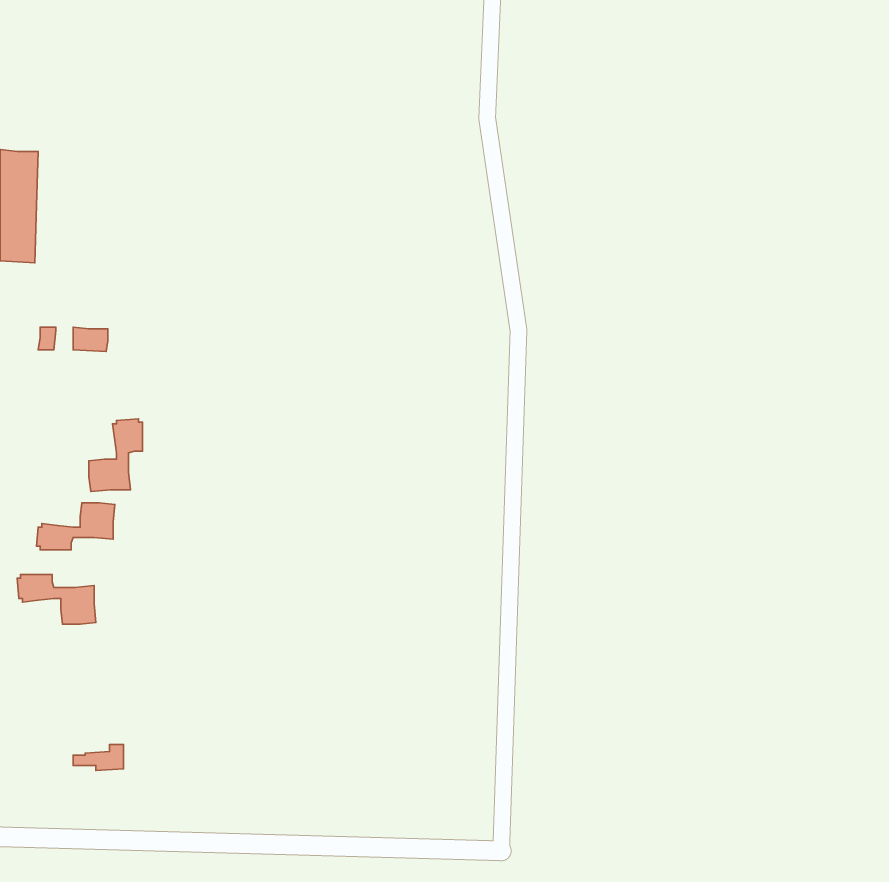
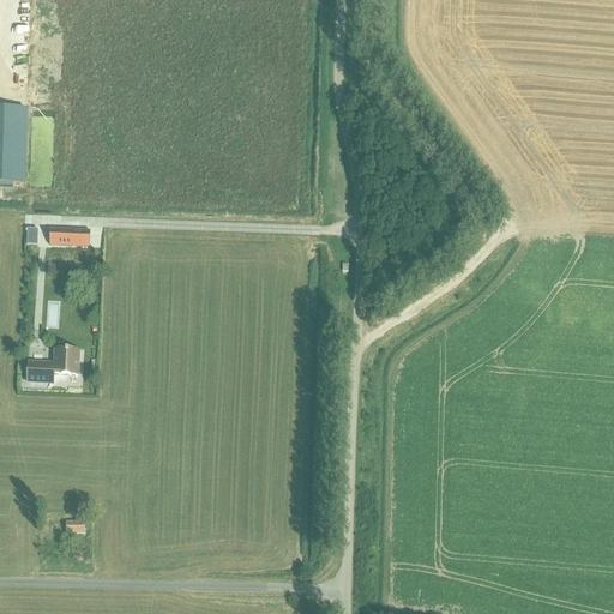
building: [89,419,142,491] -> none
building: [17,575,96,624] -> none

